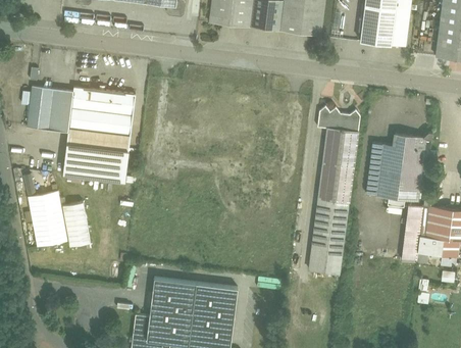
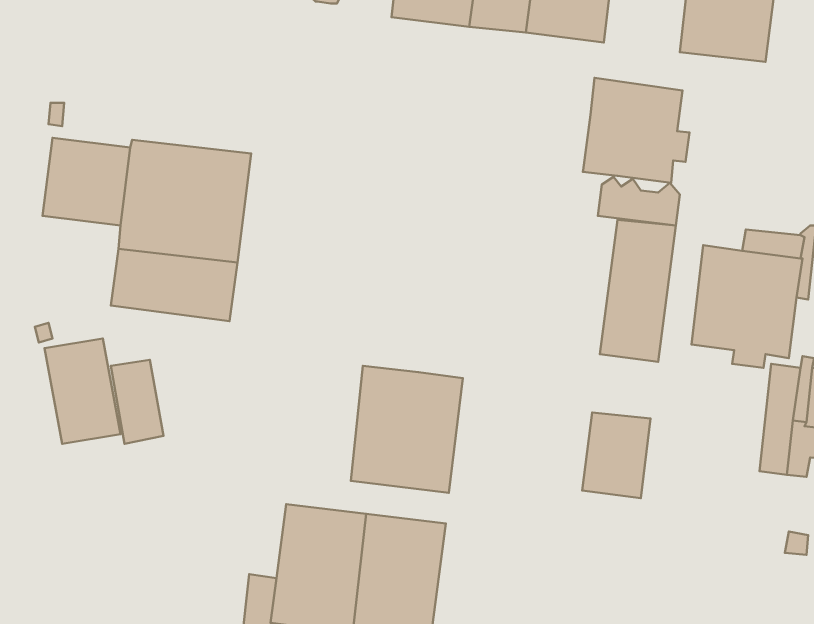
building: none -> [583,78,689,183]
building: [314,199,349,233] -> none
building: none -> [351,366,463,493]

